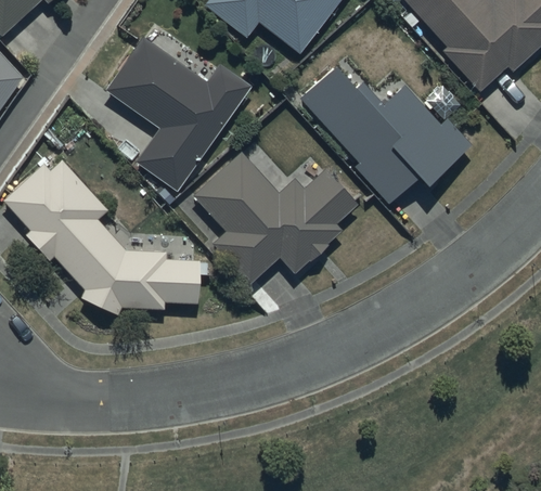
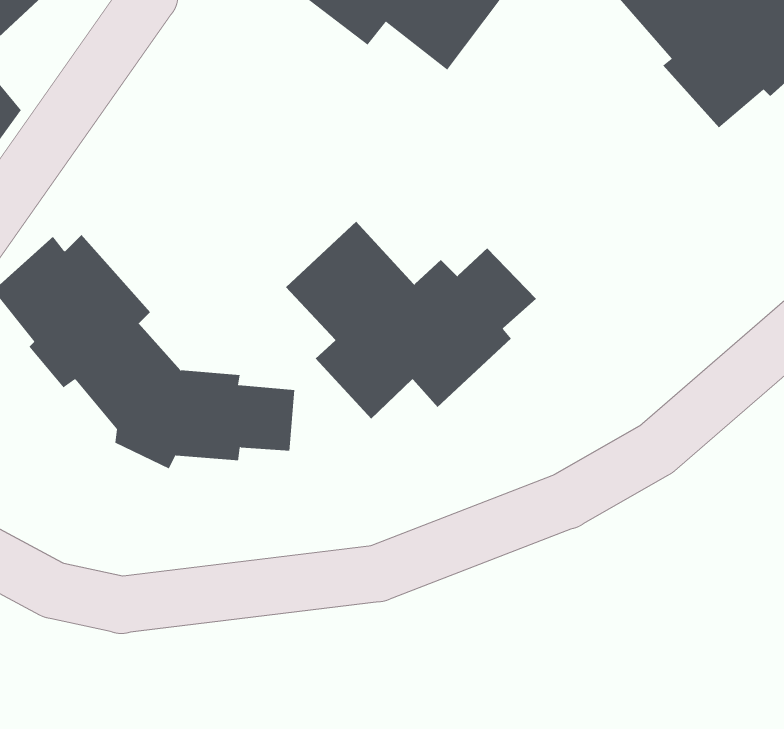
building: [104,37,252,190] -> none
building: [297,63,471,203] -> none

